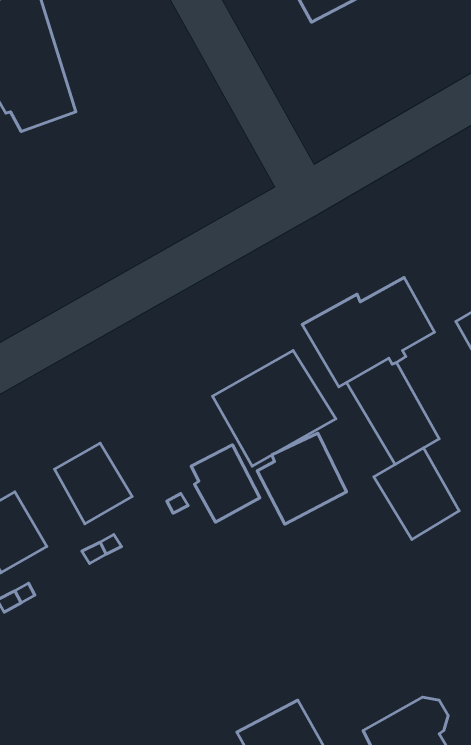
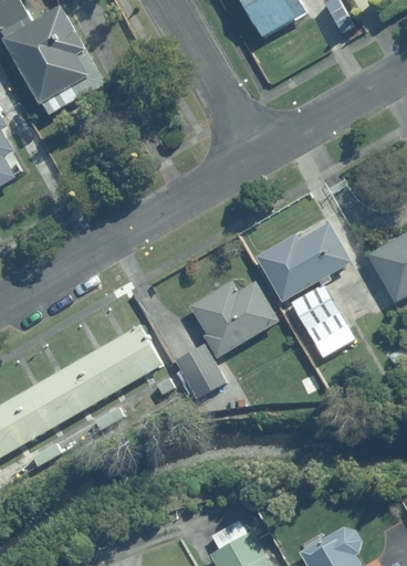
building: none -> [108,324,163,381]
building: [257,433,347,524] -> none
building: [374,448,459,539] -> none
building: none -> [46,361,97,418]

